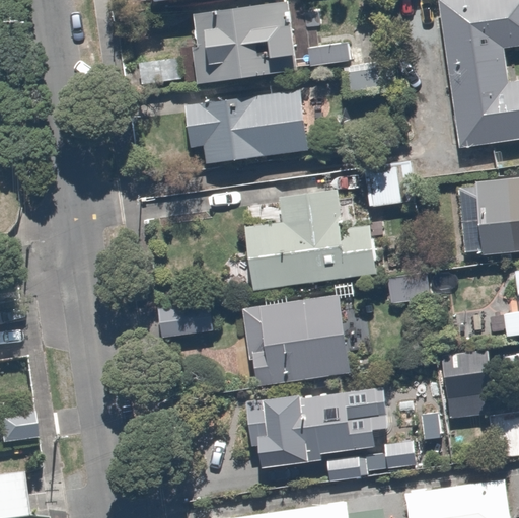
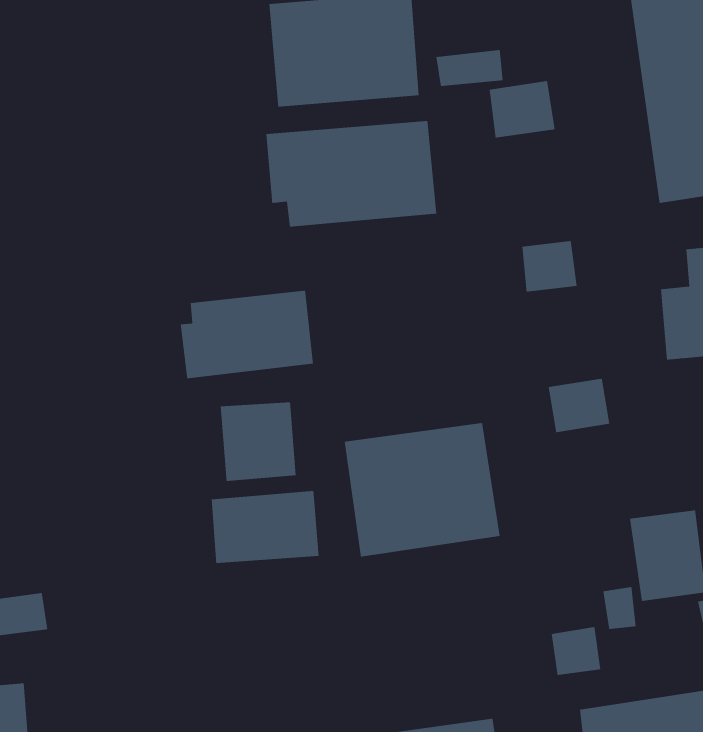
building: [244,182,380,289] -> none
building: none -> [180,290,313,379]
building: none -> [211,490,319,564]
building: [246,390,377,484] -> none

